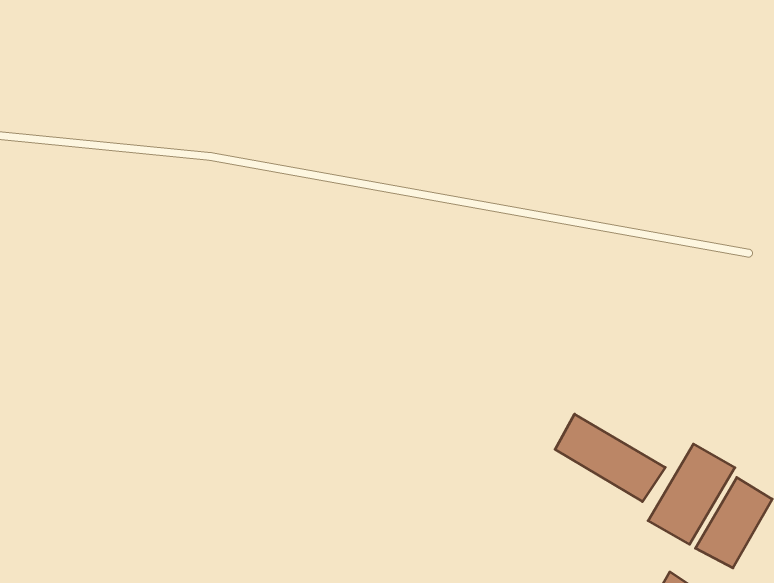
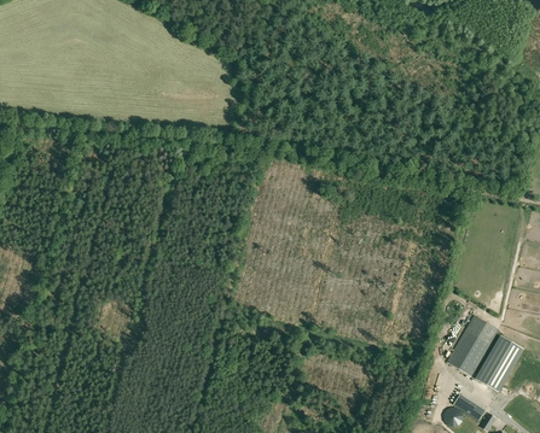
building: [555,414,665,502] -> none

